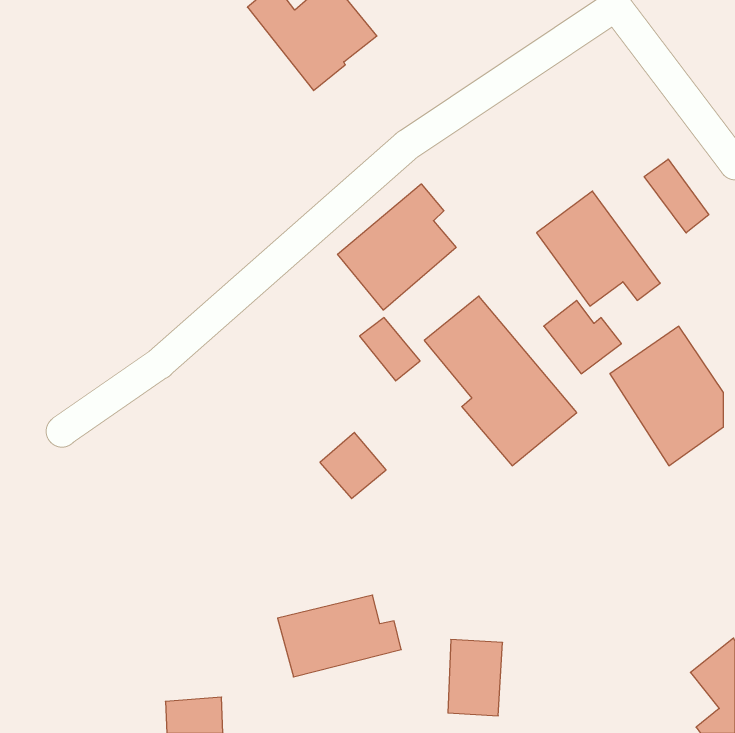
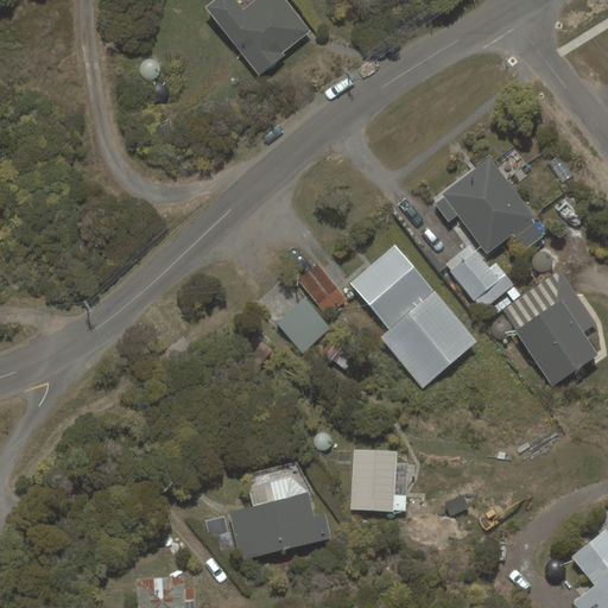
building: [644,159,709,233] -> none
building: [338,184,456,310] -> none
building: [320,432,386,499] -> [277,297,331,352]
building: [448,640,503,716] -> [352,448,397,511]

